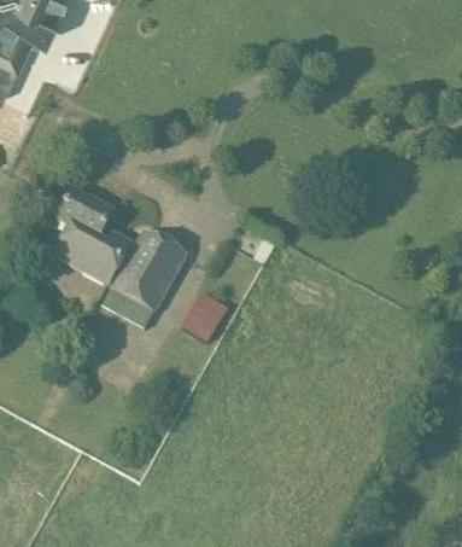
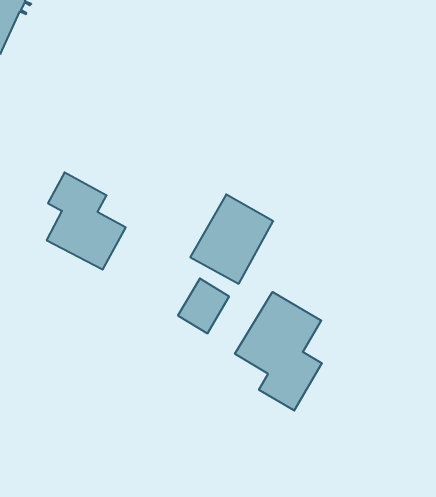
building: [107,234,186,319] -> [190,194,273,284]
building: none -> [235,292,322,411]

